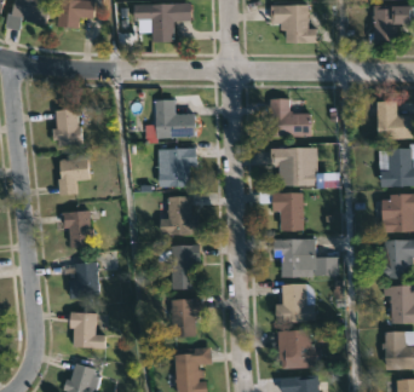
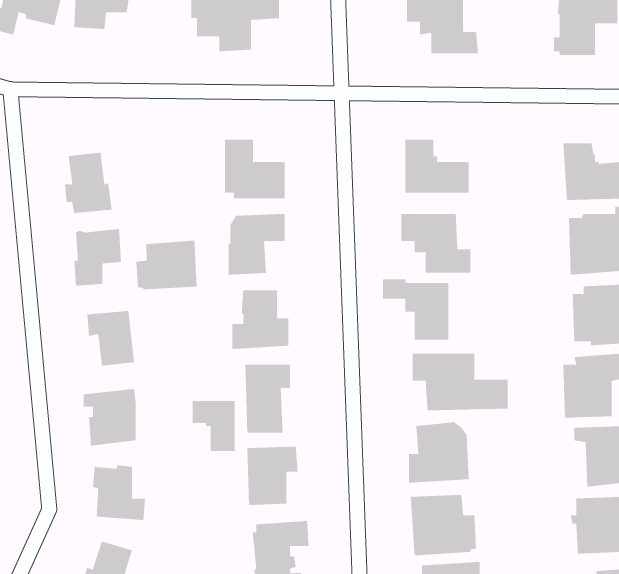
building: none -> [136,240,197,290]
building: none -> [192,400,235,452]

